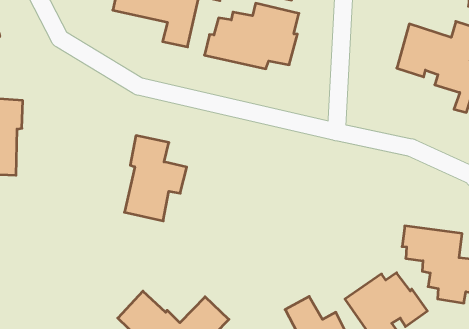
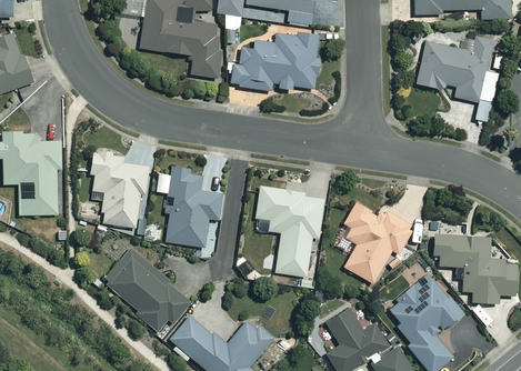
building: none -> [90,150,149,229]
building: none -> [253,187,321,277]
building: none -> [343,202,414,283]
building: none -> [103,247,189,333]

